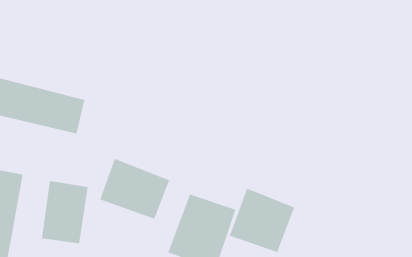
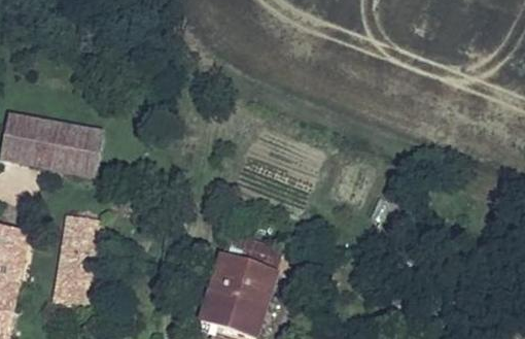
building: [99,158,170,219] -> none
building: [229,188,295,253] -> none

